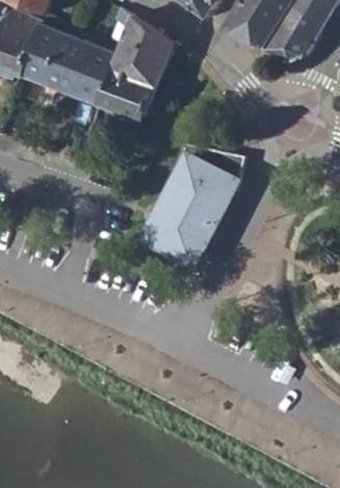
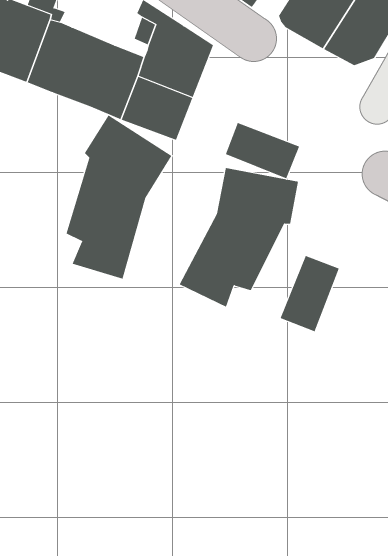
building: none -> [66,115,172,280]
building: none -> [225,122,300,179]
building: none -> [280,255,340,332]

